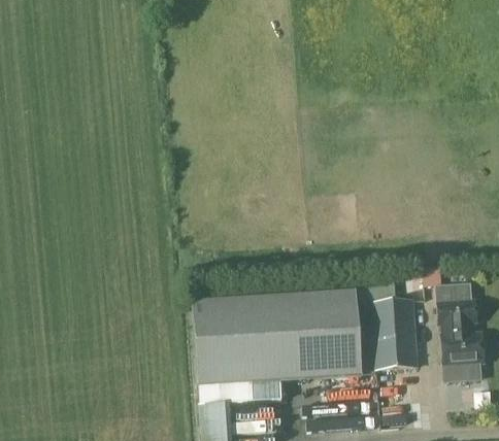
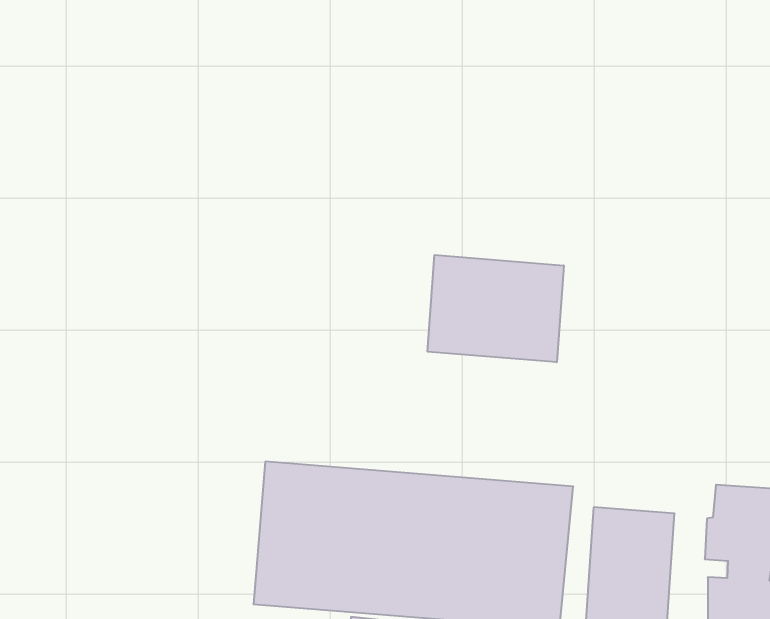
building: none -> [428,255,564,362]

